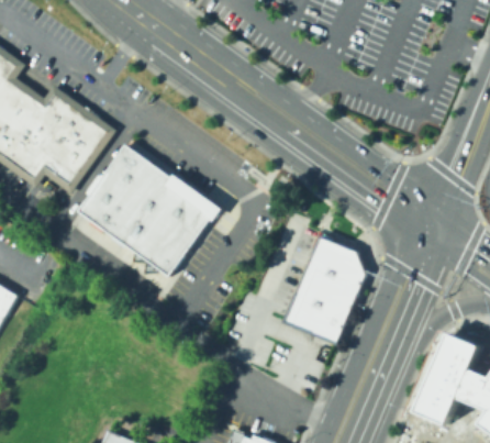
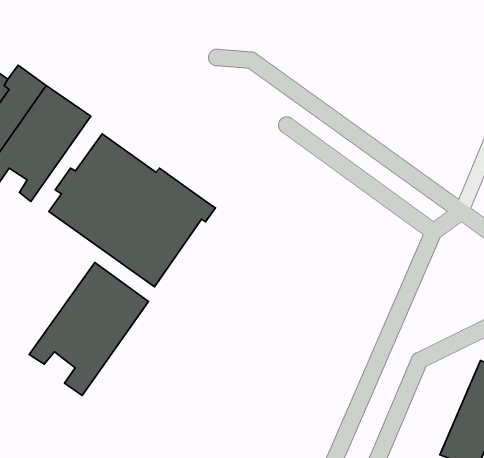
building: [283,237,364,342] -> none
building: none -> [29,262,148,395]

